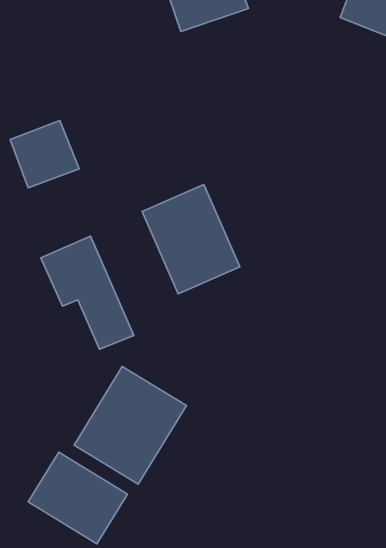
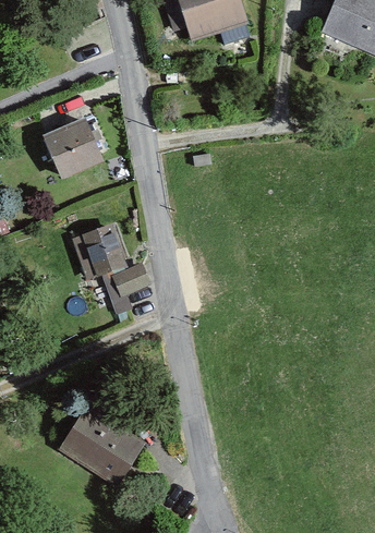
building: [142,185,240,294] -> none
building: [74,367,186,484] -> none

